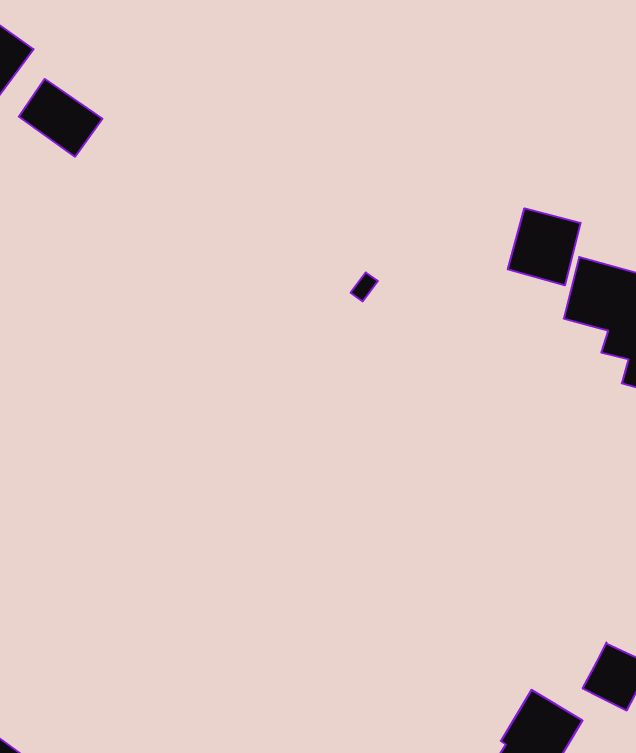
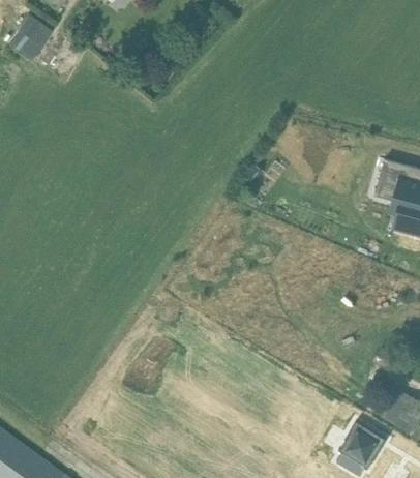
building: [19,79,102,157] -> none
building: [508,208,581,285] -> none

